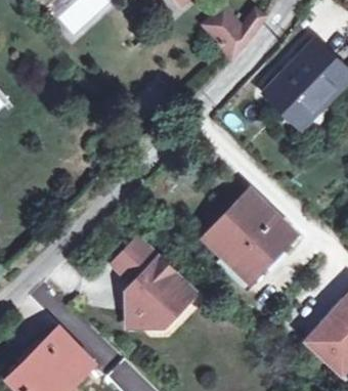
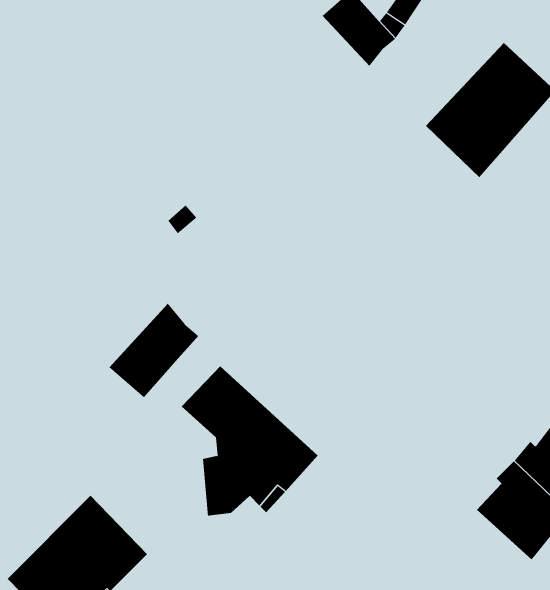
building: [208,192,294,278] -> none
building: none -> [109,303,199,398]

